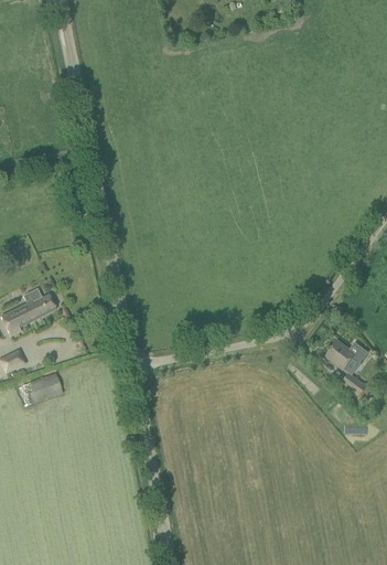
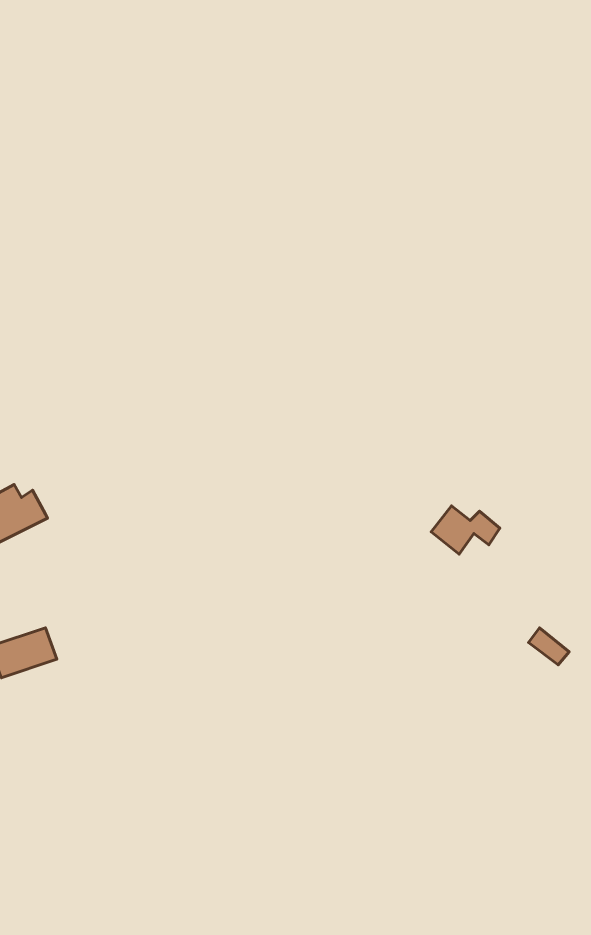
building: [325,340,366,369] -> [431,506,500,554]

